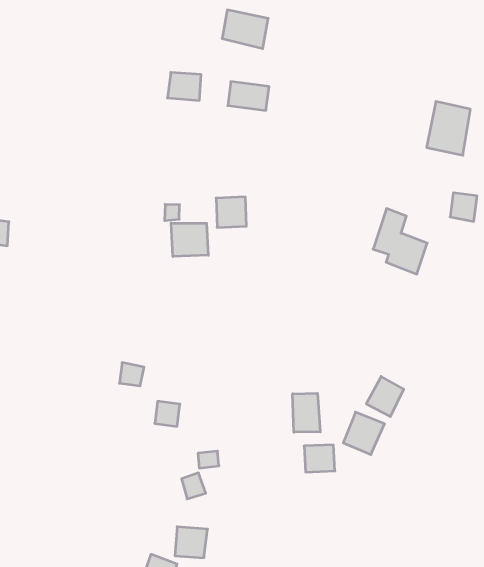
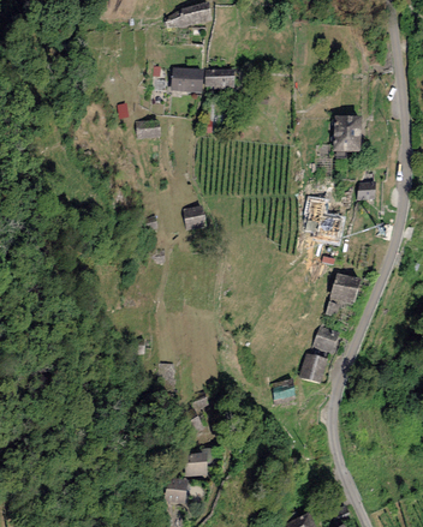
building: [228,82,269,110] -> [205,68,234,86]
building: [171,223,208,257] -> none
building: none -> [330,274,361,304]
building: [293,393,320,432] -> none

